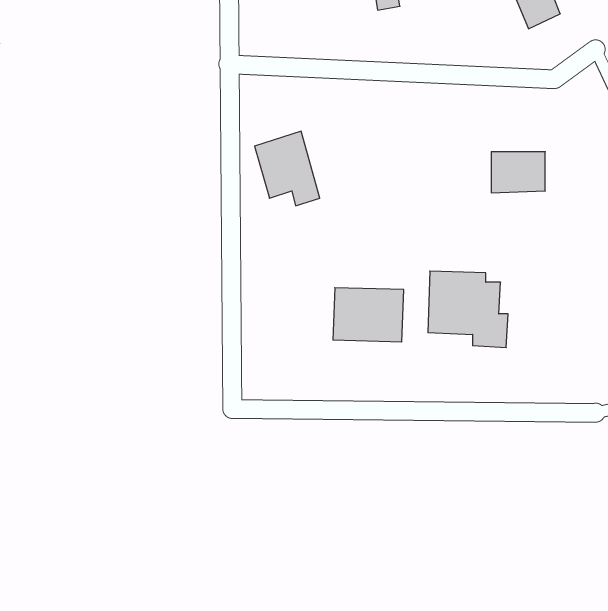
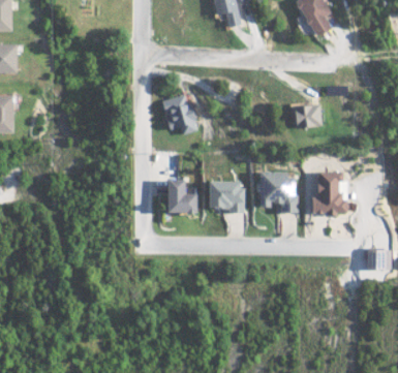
building: none -> [309,173,348,214]
building: none -> [163,179,195,213]

